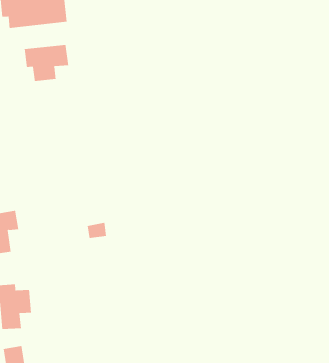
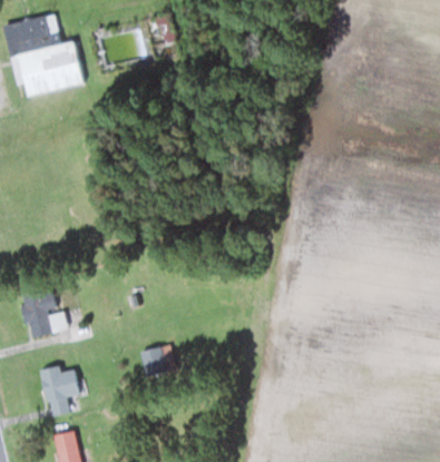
building: [24,44,69,82] -> none
building: none -> [141,346,175,376]

